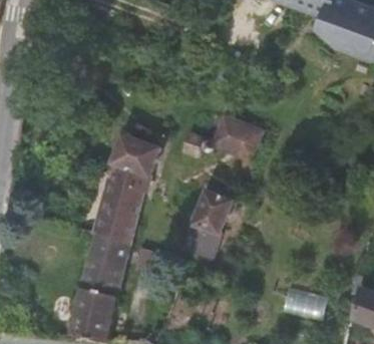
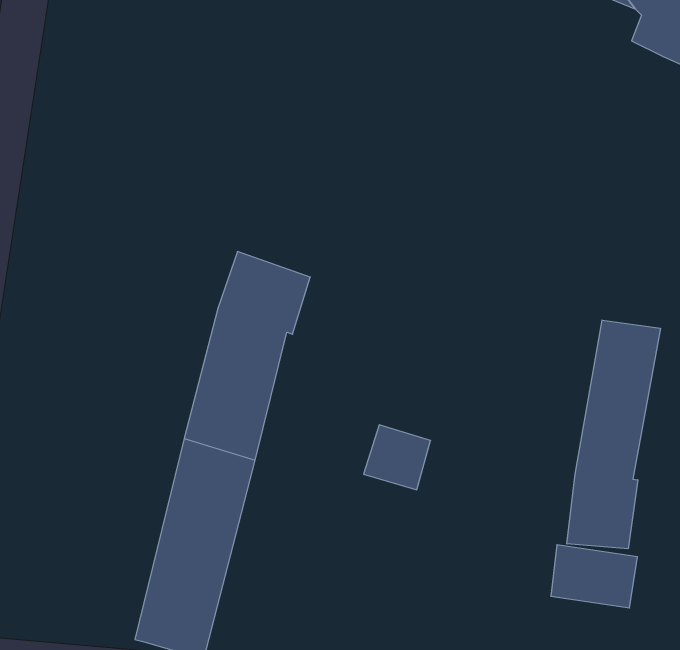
building: [179,118,261,161] -> none
building: none -> [567,320,660,549]
building: [195,188,234,234] -> none

